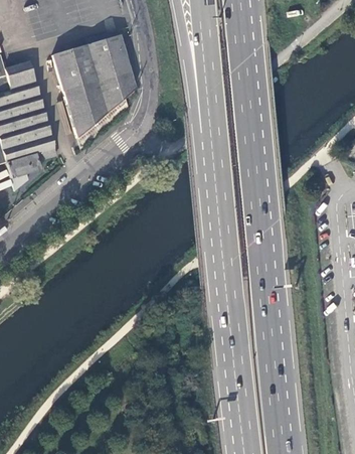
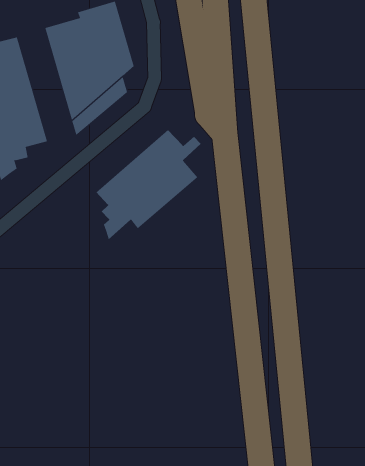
building: none -> [96,129,202,240]

